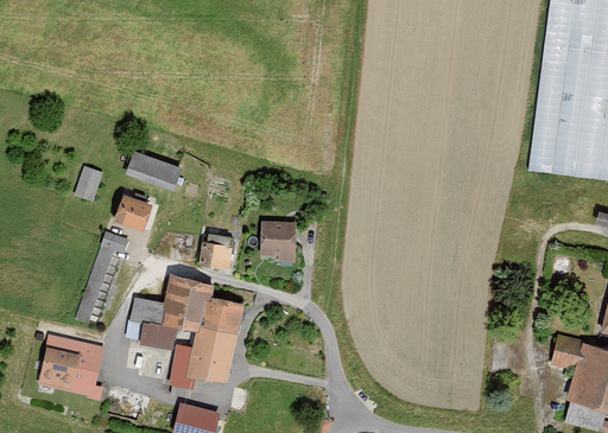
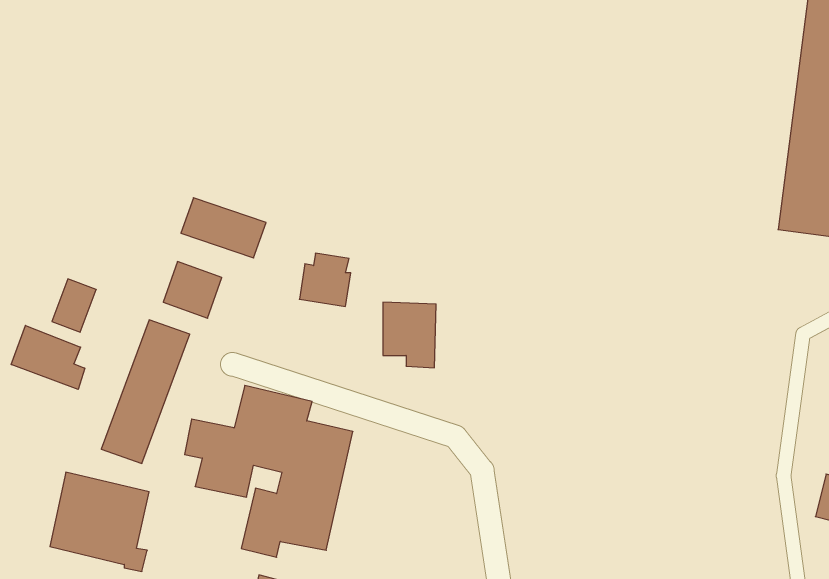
building: [75,165,104,200] -> [52,279,96,332]
building: [200,233,234,268] -> [299,253,351,306]
building: none -> [11,325,85,389]

